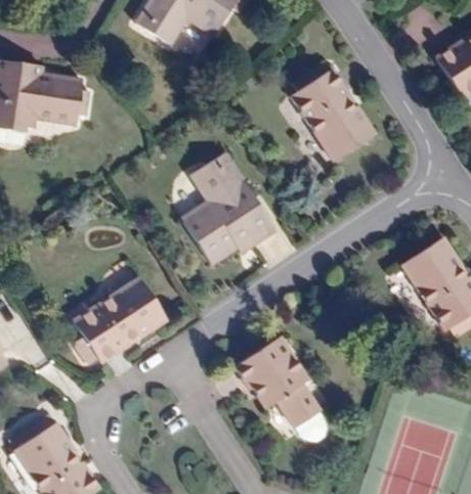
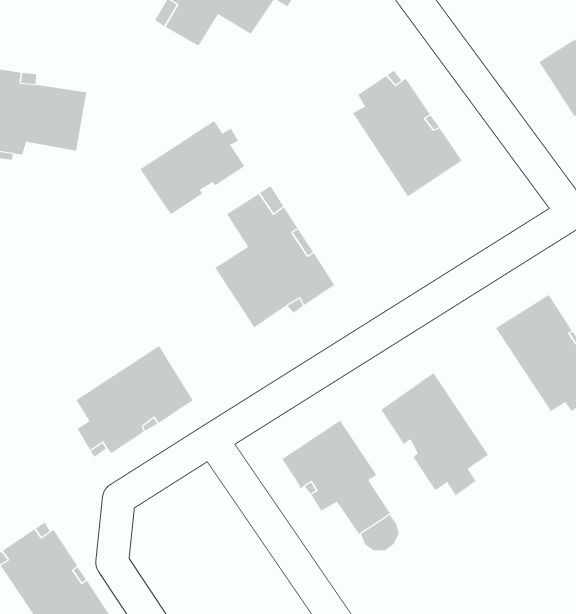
building: none -> [140,120,245,215]
building: none -> [381,372,489,496]

